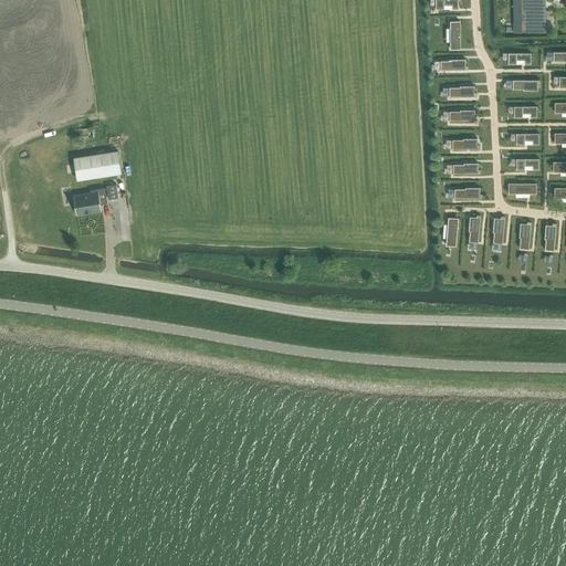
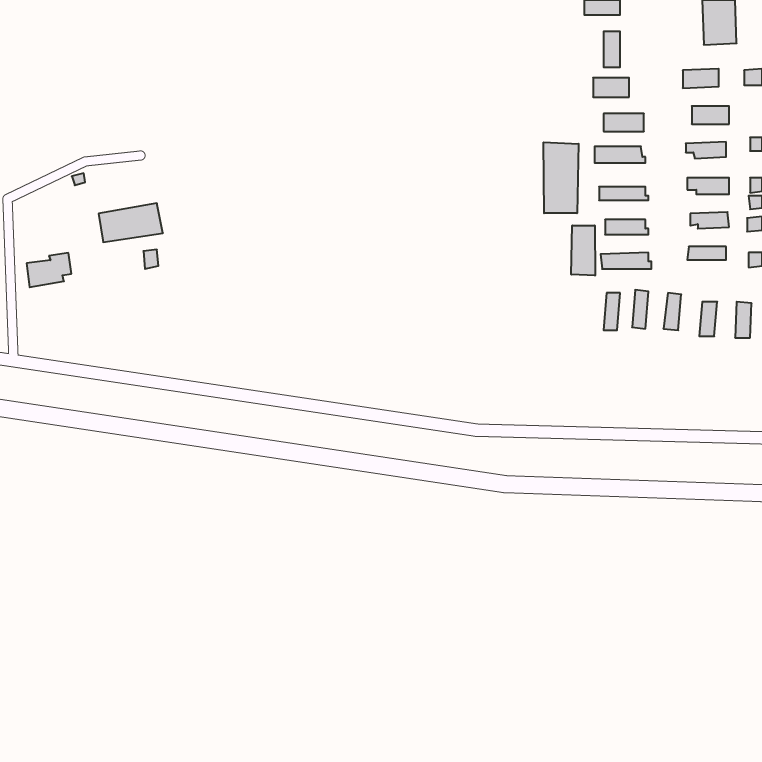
building: none -> [544,142,579,213]
building: none -> [571,225,595,276]
building: [73,189,106,214] -> [27,253,71,287]

